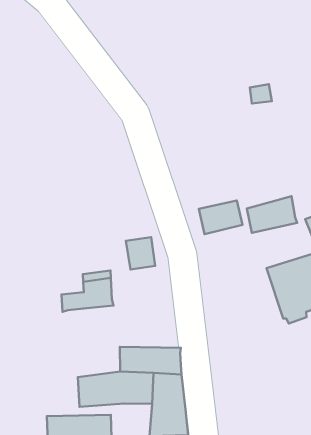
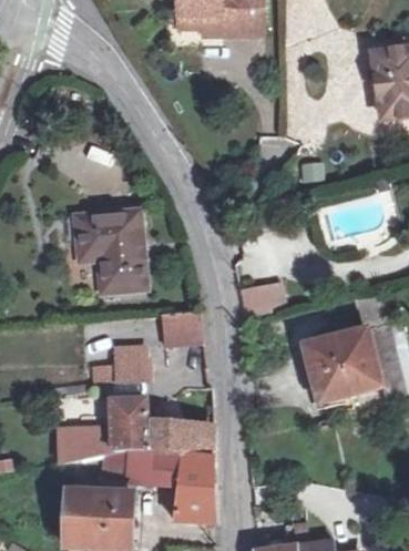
building: none -> [75,212,143,290]
building: [247,196,297,233] -> none
building: none -> [71,399,149,456]

